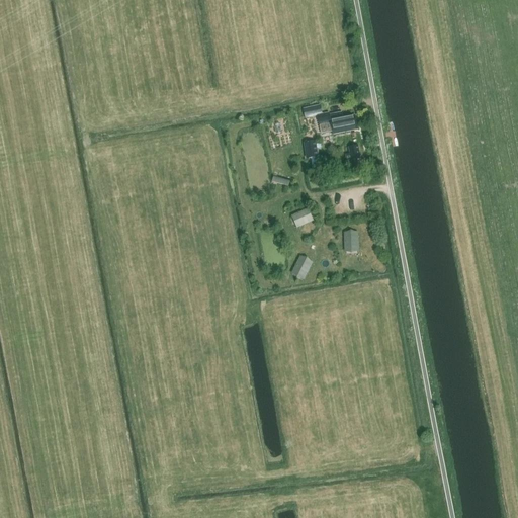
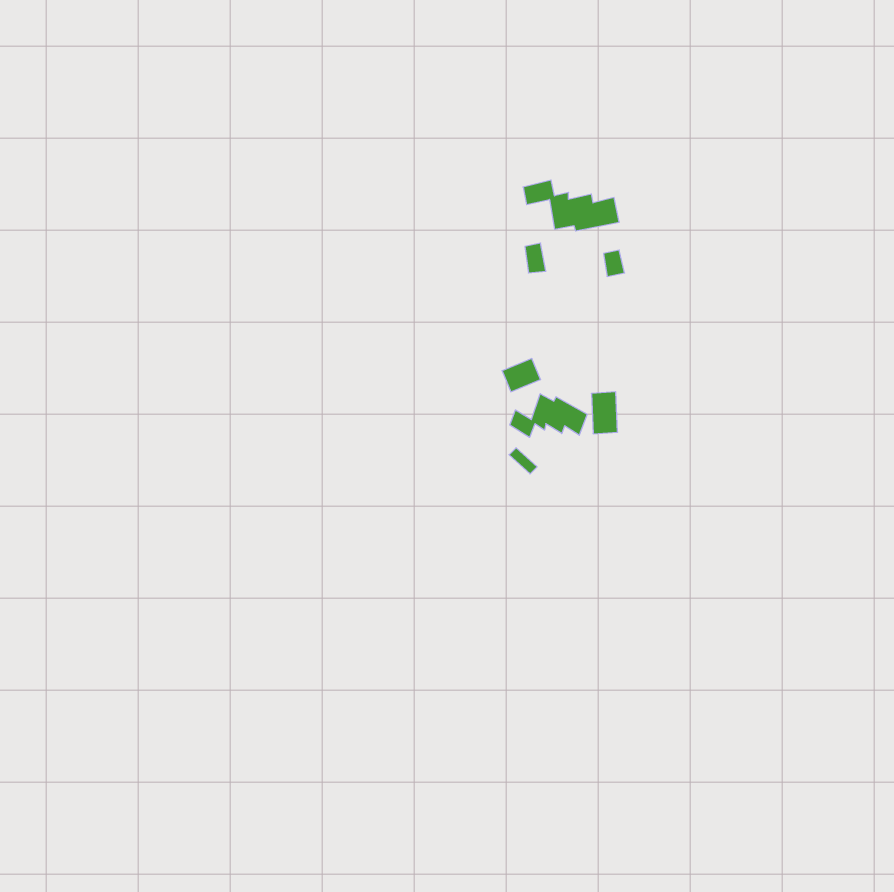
building: none -> [510,394,587,437]

